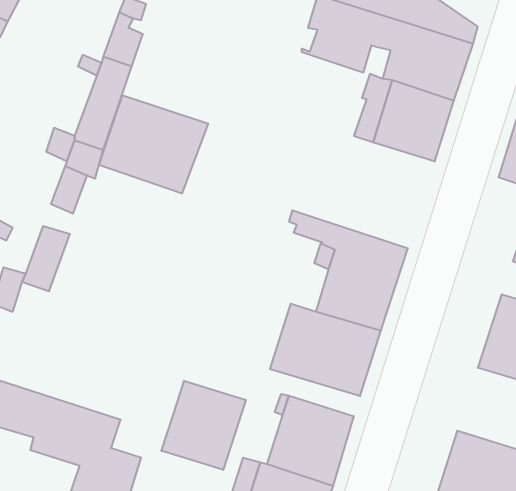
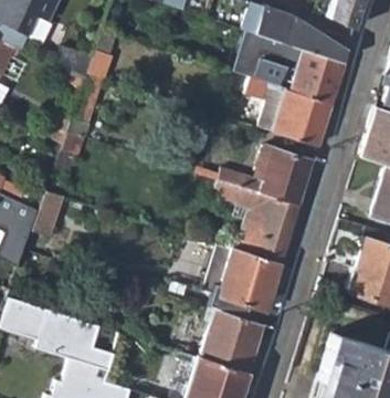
building: [99,95,208,194] -> none
building: none -> [208,146,314,207]
building: [161,381,246,470] -> none

